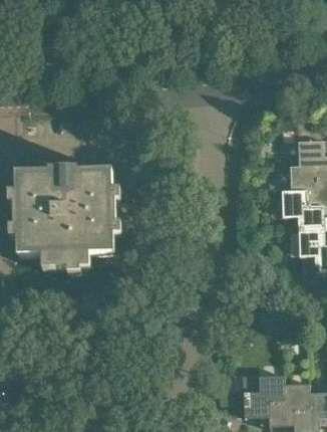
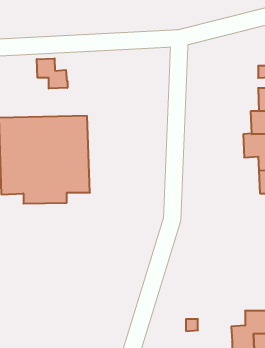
building: none -> [37,58,68,89]
building: [244,375,285,417] -> none

